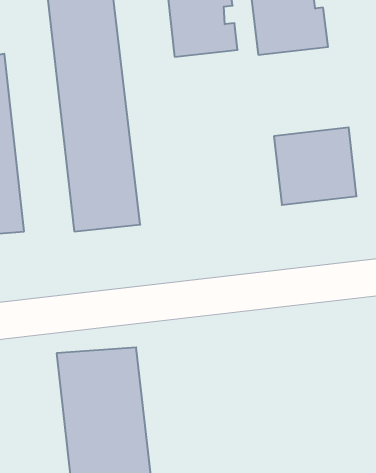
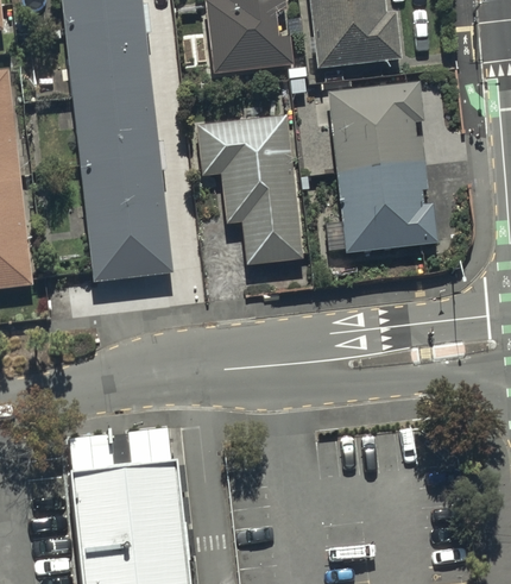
building: none -> [327,82,425,170]
building: none -> [198,114,301,265]

